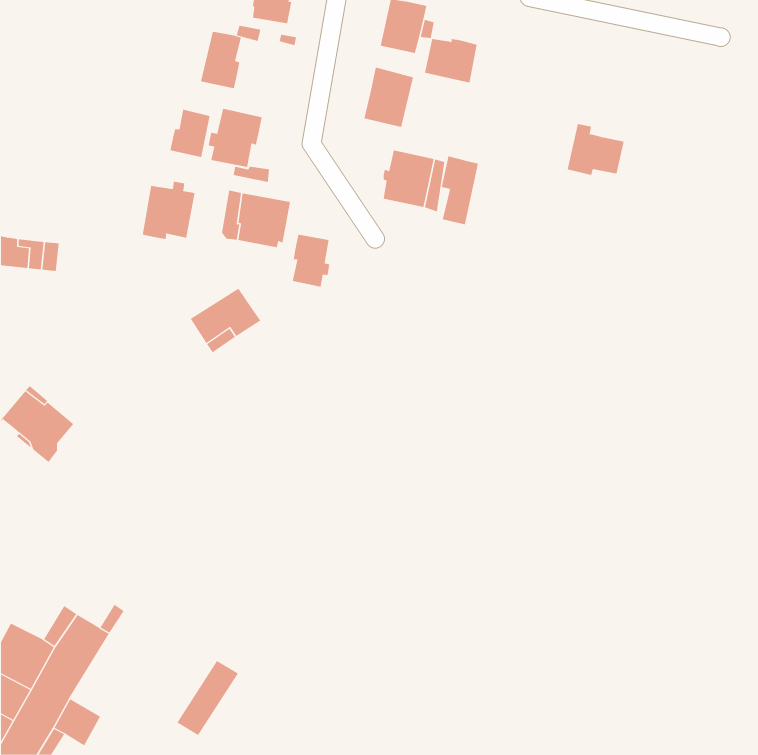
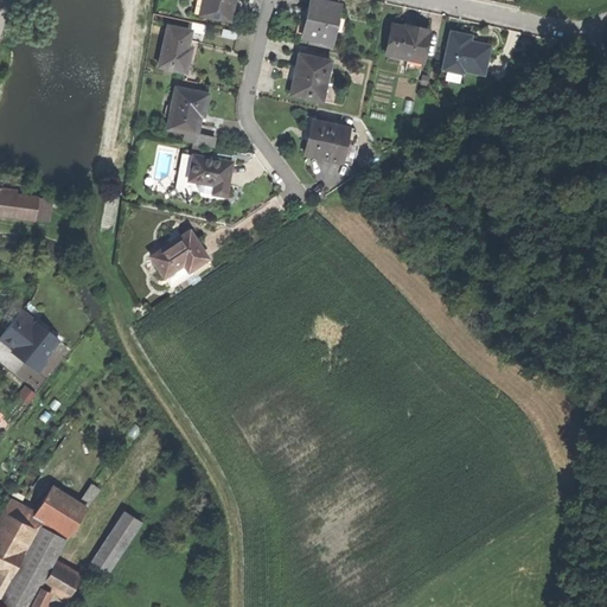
building: [424,39,478,83] -> [386,26,429,62]
building: [170,109,210,158] -> none
building: [567,124,625,176] -> [443,33,490,75]
building: [441,155,478,225] -> none
building: [142,181,195,240] -> none
building: [292,234,330,288] -> none
building: [176,660,239,736] -> [91,510,141,570]

